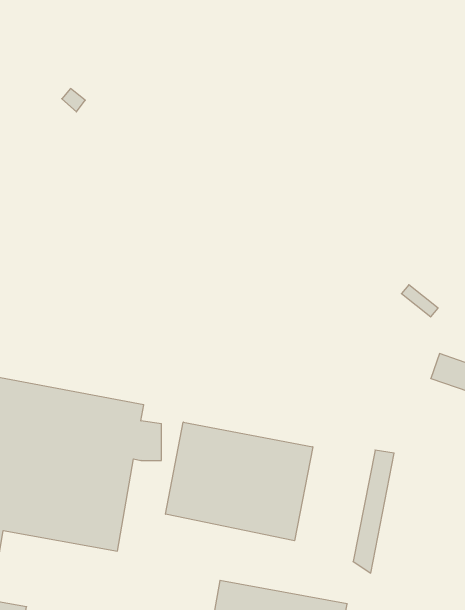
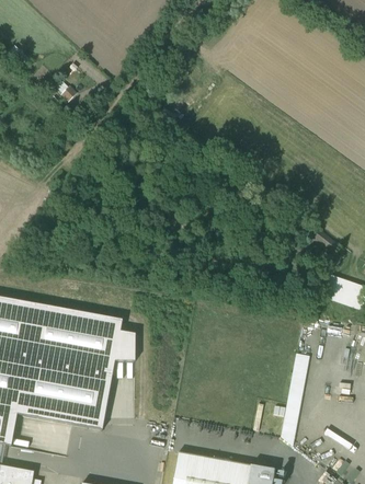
building: [166,422,313,541] -> none

